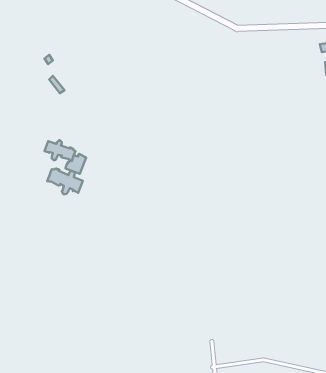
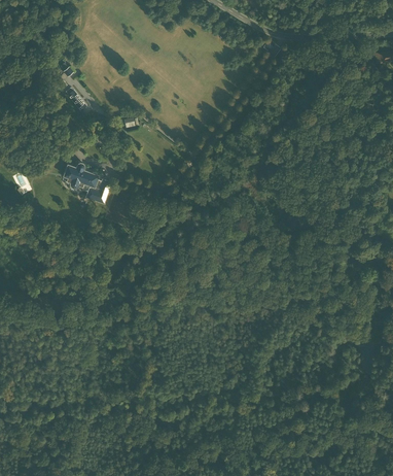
building: [47,169,83,194] -> none

